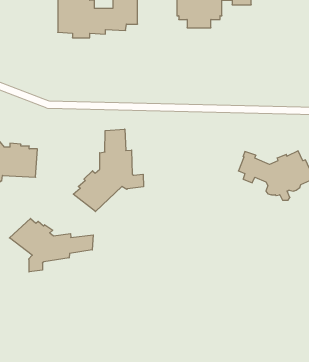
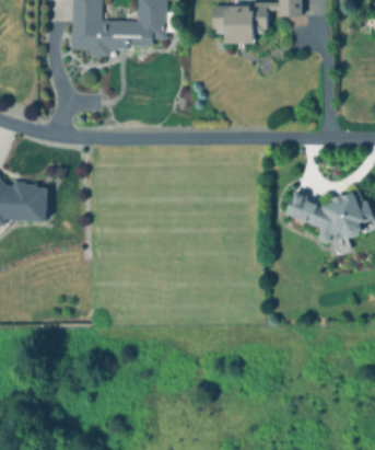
building: [73,129,143,212] -> none
building: [9,218,93,272] -> none

